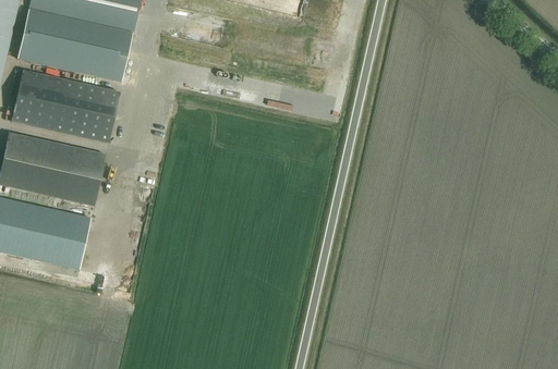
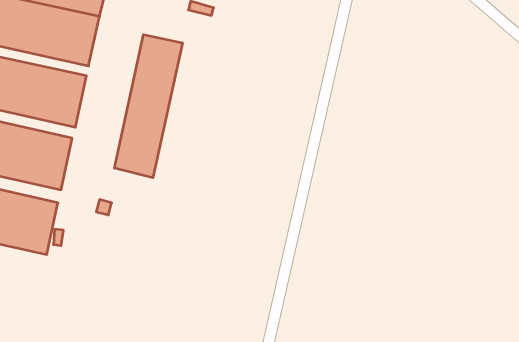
building: none -> [114,35,182,178]

